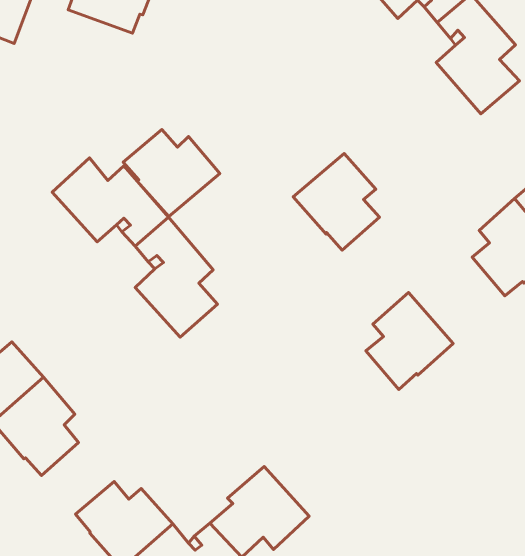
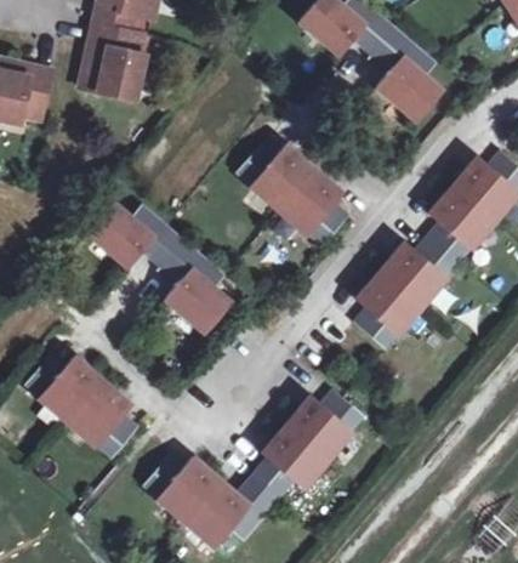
building: [123,129,220,217] -> [235,141,313,209]
building: none -> [380,235,456,306]
building: none -> [286,388,363,459]

